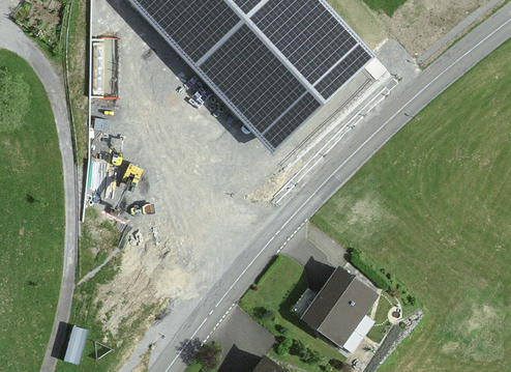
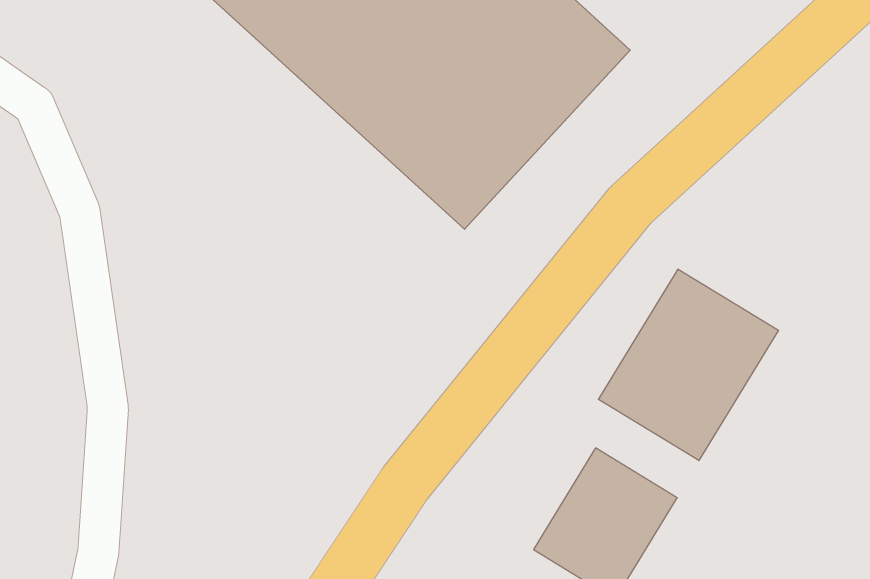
building: none -> [598,269,778,461]

